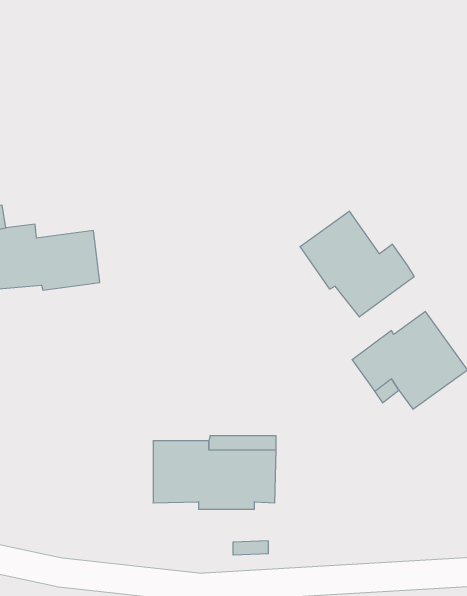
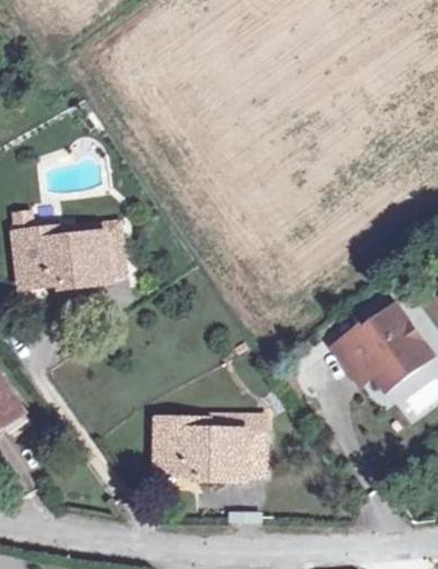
building: [300,211,414,317] -> none
building: none -> [51,221,125,281]

